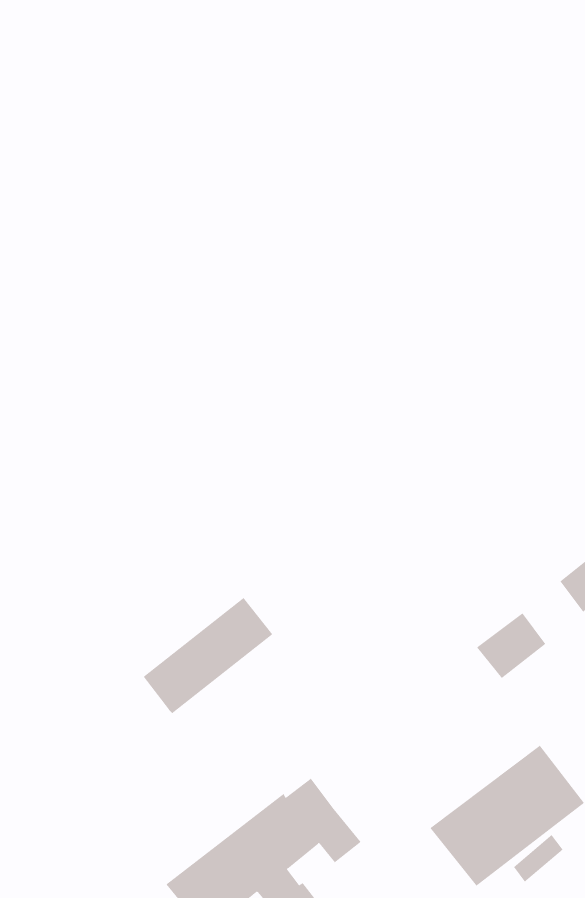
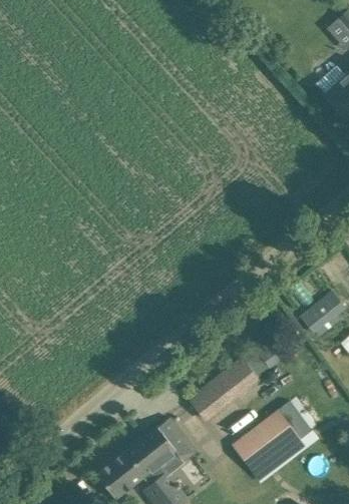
building: [143,597,273,714] -> [190,359,257,419]

